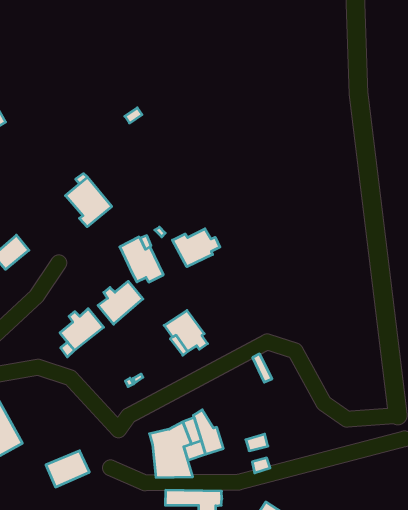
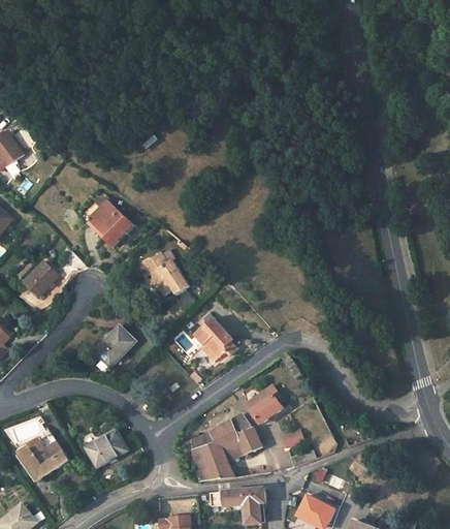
building: [172,229,220,267] -> none
building: [98,281,143,324] -> none
building: none -> [245,385,282,425]
building: [46,451,89,487] -> [85,431,127,468]

